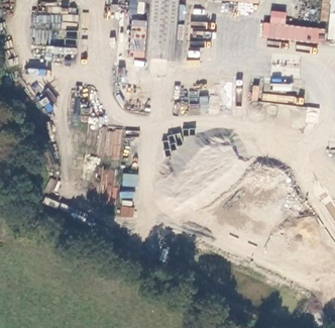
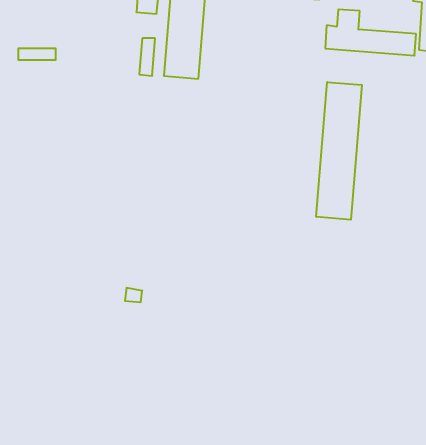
building: none -> [316,82,362,220]

